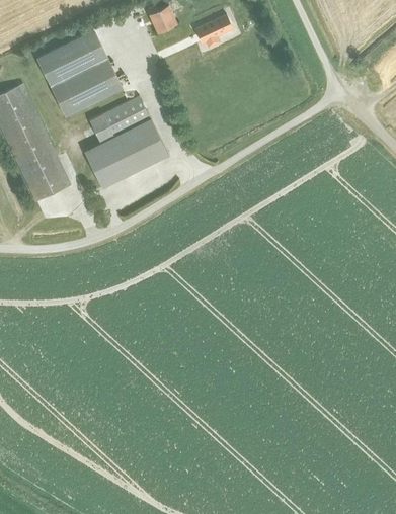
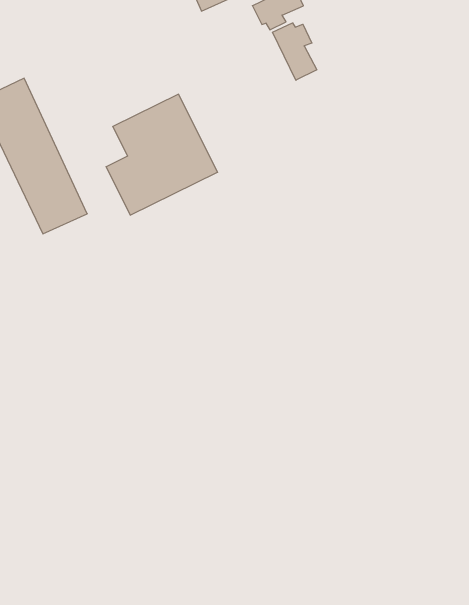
building: [37,30,121,115] -> none
building: none -> [273,23,317,80]

